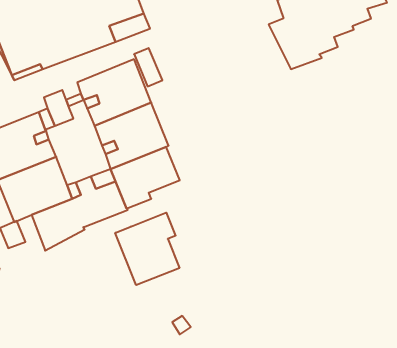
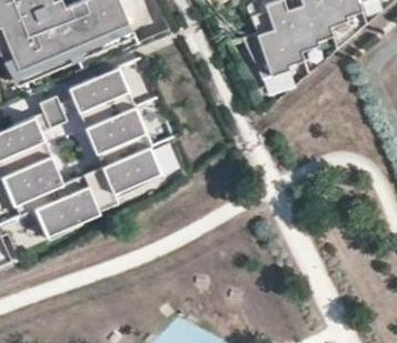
building: [115,213,179,285] -> none

